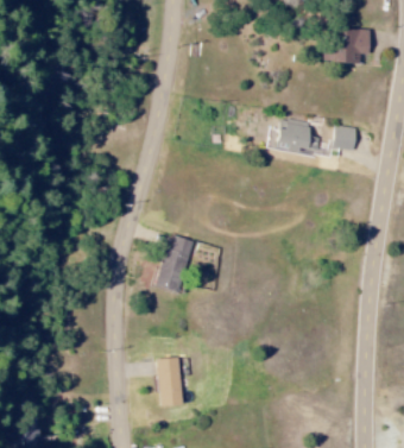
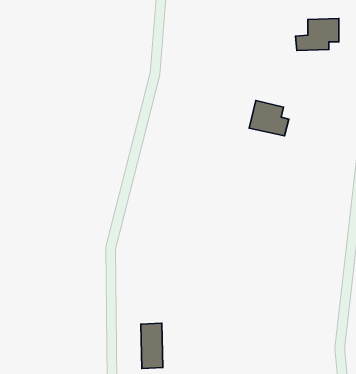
building: [332,126,355,151] -> none
building: [156,234,192,292] -> none

